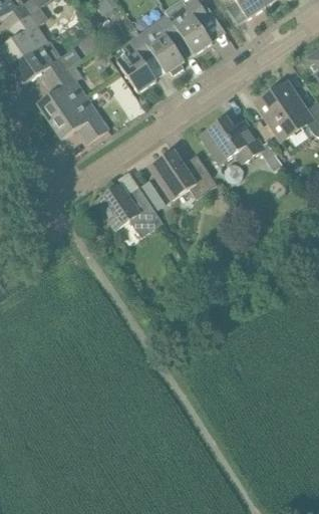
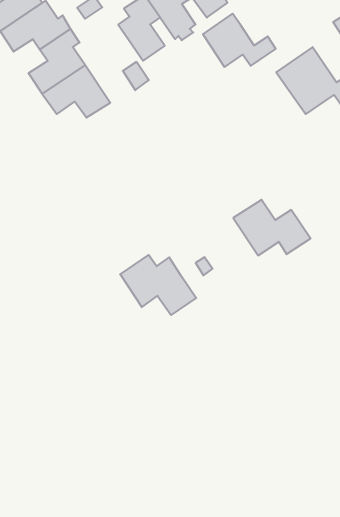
building: [200,115,264,163] -> [203,14,276,67]
building: [148,150,217,199] -> [233,200,311,255]
building: [95,183,163,236] -> [120,255,196,315]

